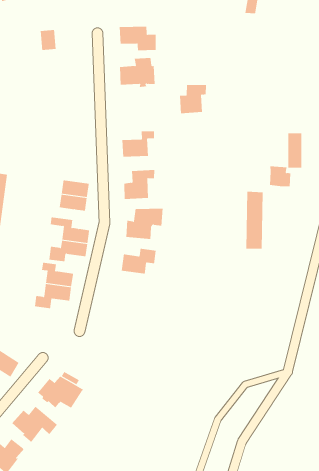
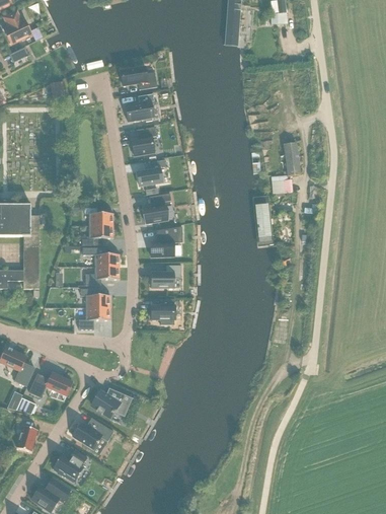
building: [179,84,207,114] -> [130,127,154,156]
building: none -> [150,299,174,324]

